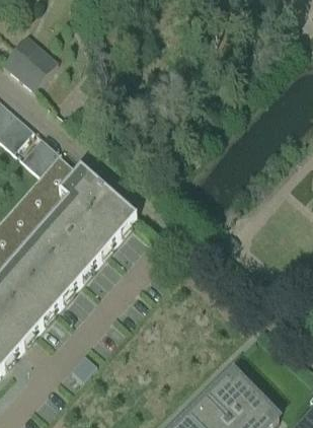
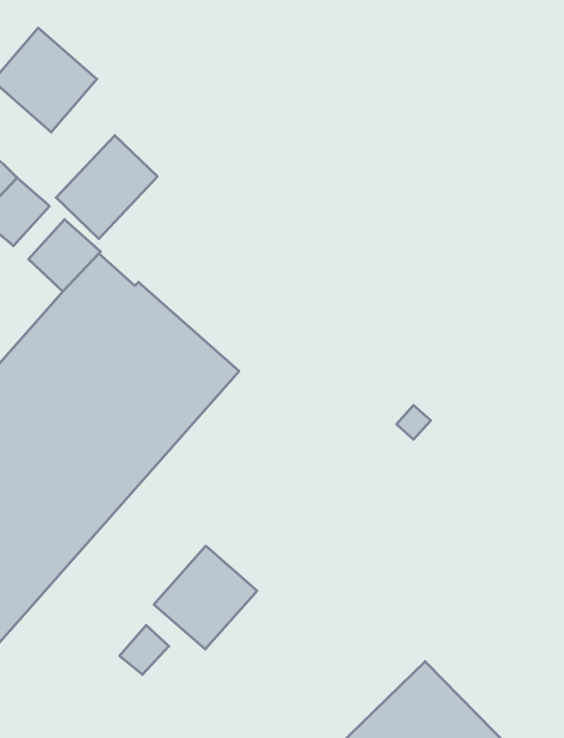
building: none -> [56,135,157,239]
building: none -> [154,546,257,649]

